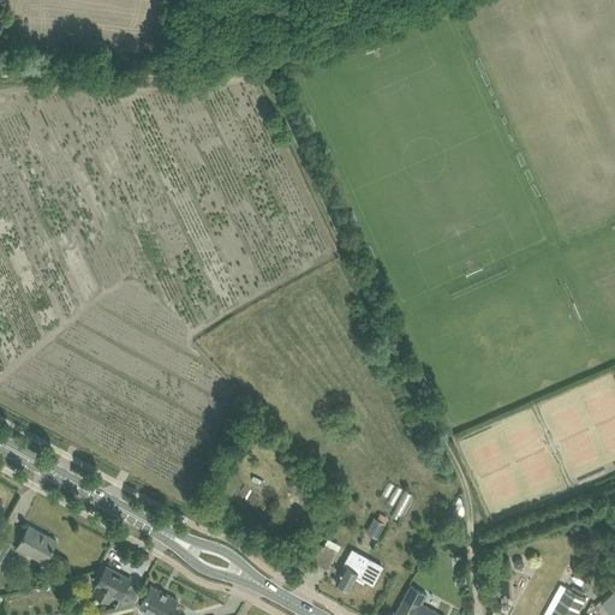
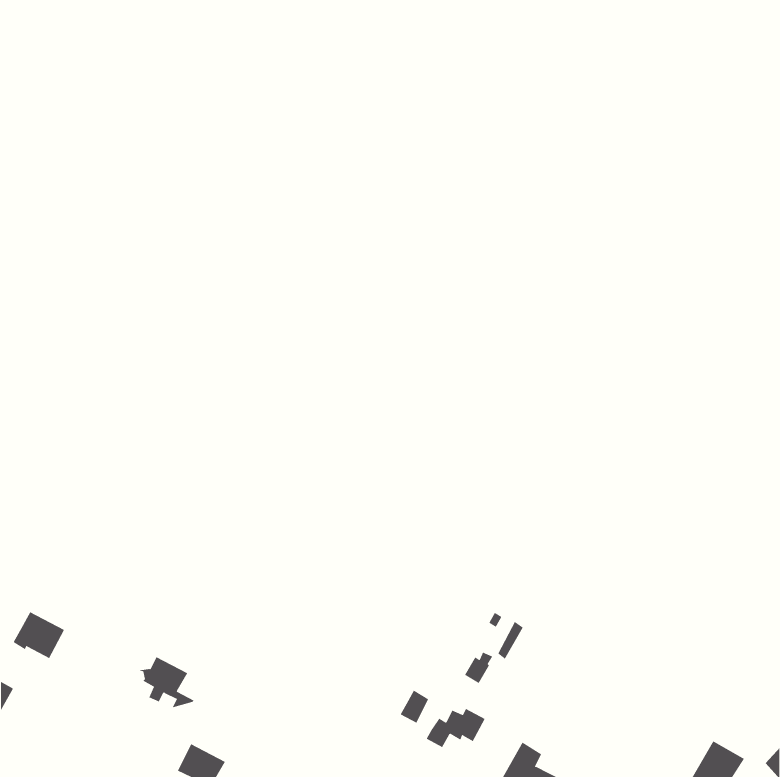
building: [16,527,56,565] -> [13,612,65,659]
building: [92,568,136,609] -> [139,656,194,708]

